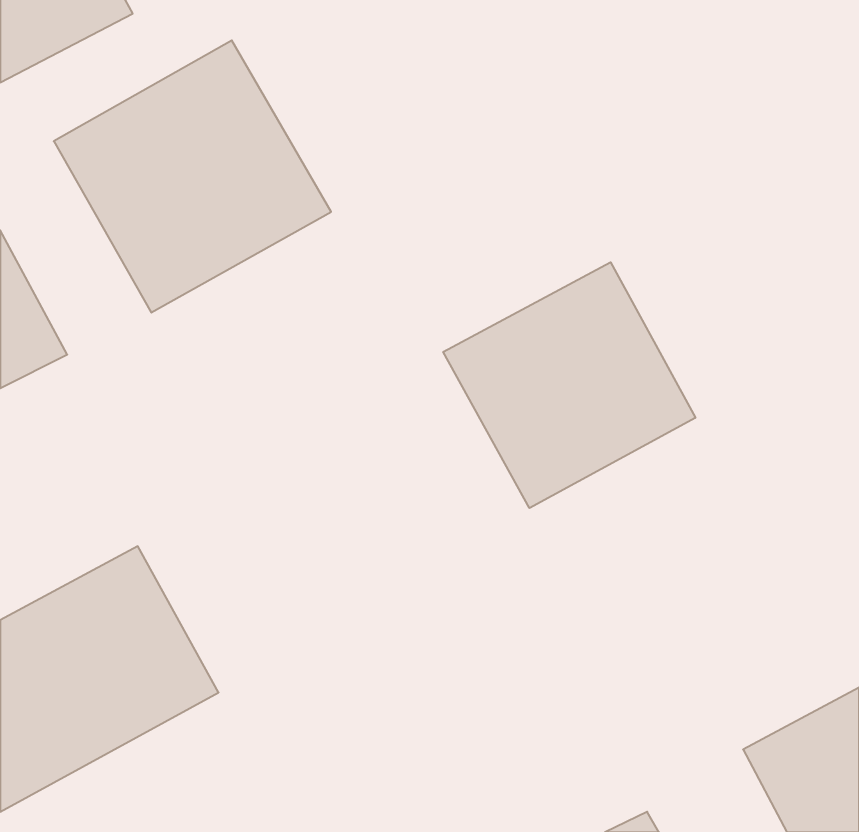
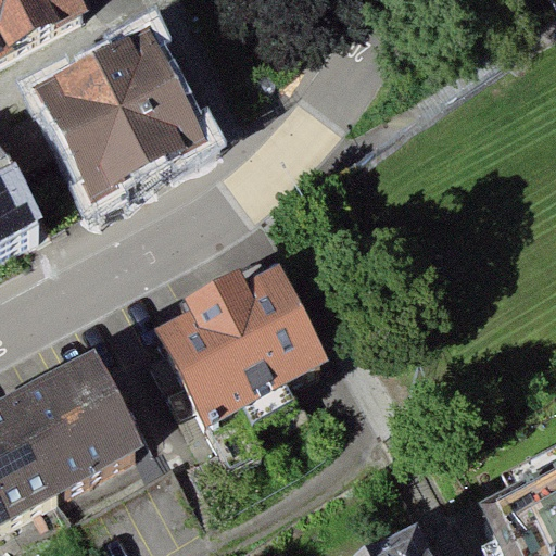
building: [443,262,695,508] -> none
building: none -> [150,255,323,417]

